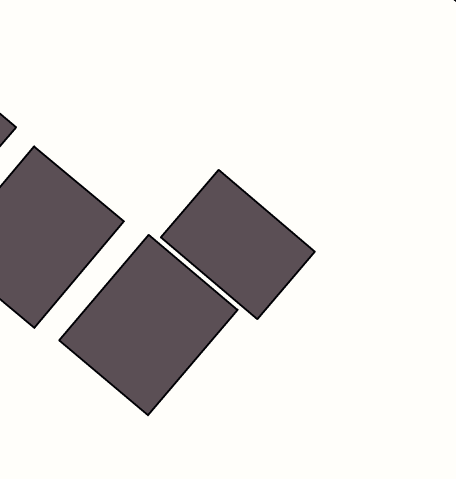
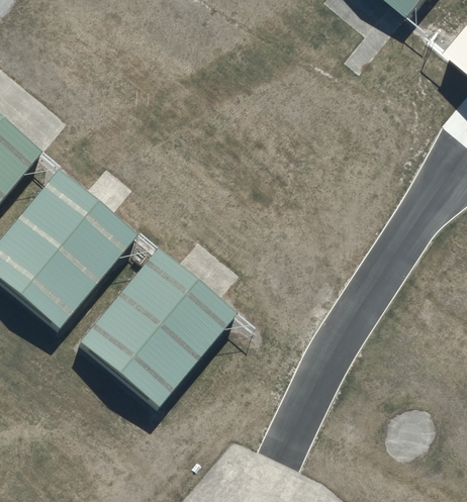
building: [161,170,315,319] -> none

